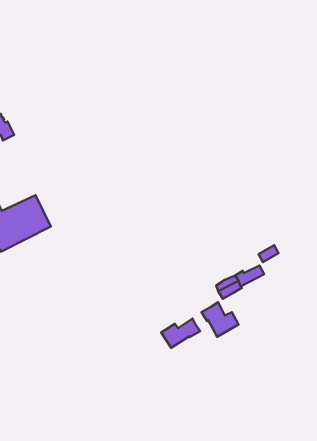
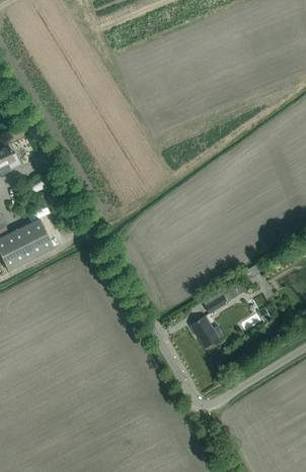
building: [161,319,200,348] -> none

